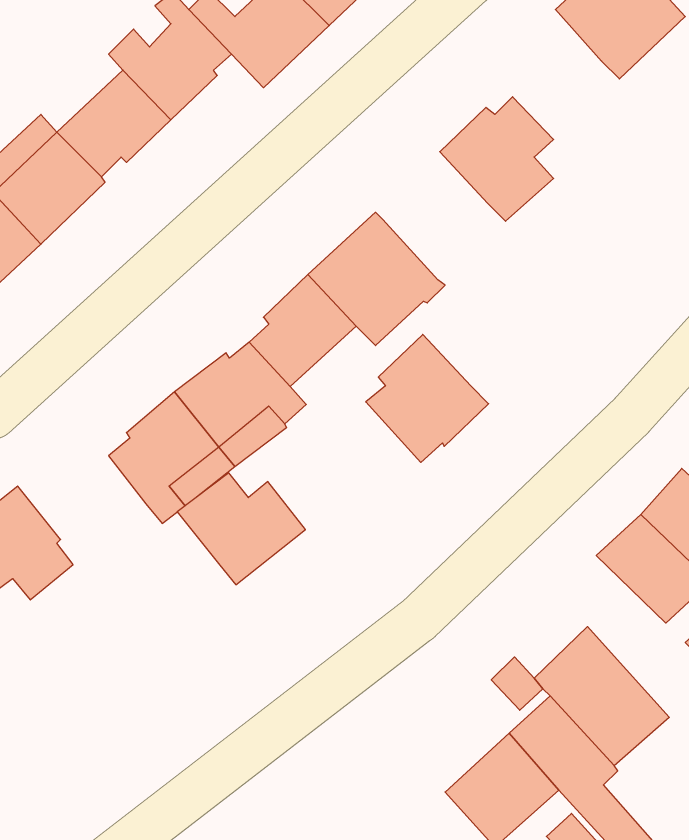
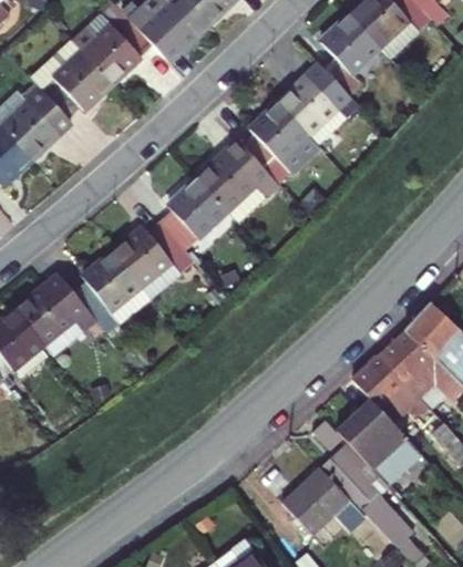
building: none -> [320,14,379,95]
building: [366,334,489,462] -> [243,103,319,183]
building: [177,473,305,585] -> [16,287,95,357]
building: none -> [350,354,419,412]

